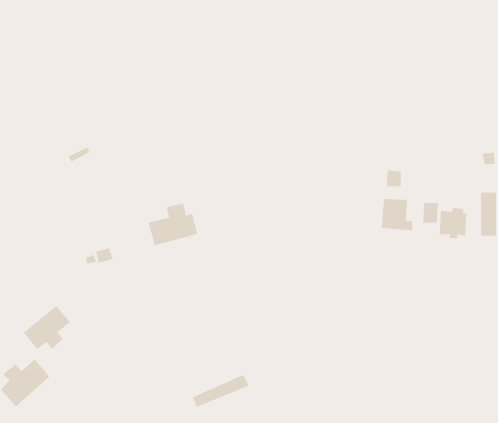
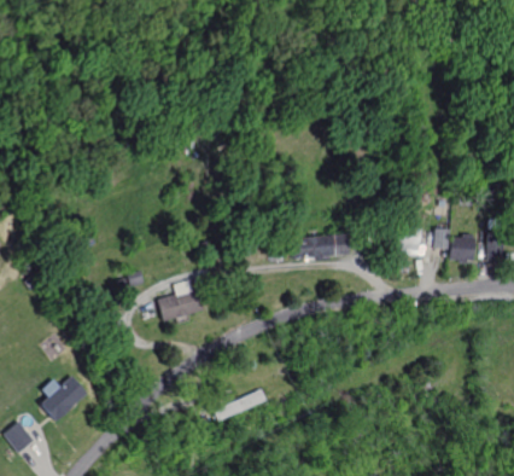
building: [148,203,198,246] -> [159,281,206,321]
building: none -> [293,233,350,262]
building: [23,305,71,350] -> none

